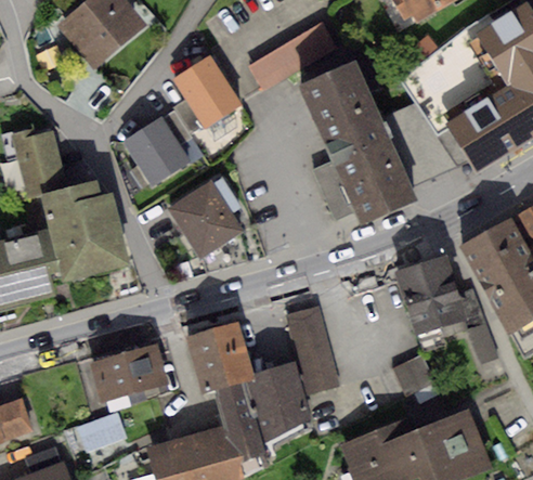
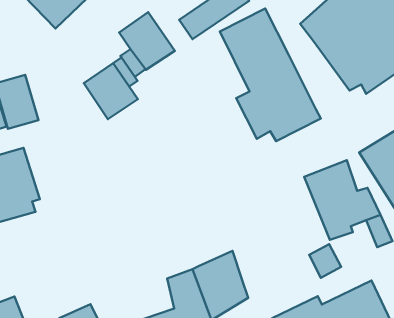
building: [382,103,455,187] -> none
building: [39,178,131,282] -> none
building: [166,180,242,257] -> none
building: [285,306,340,393] -> none
building: [187,322,253,391] -> none
building: [88,342,167,411] -> none

